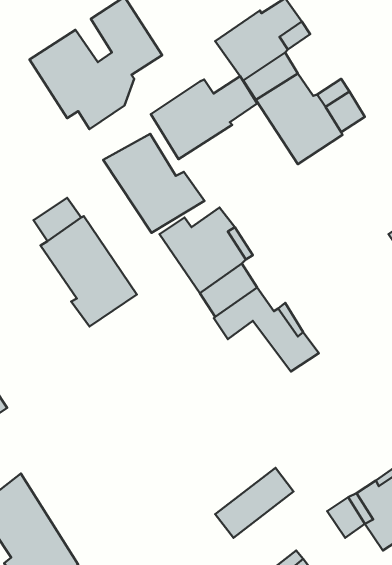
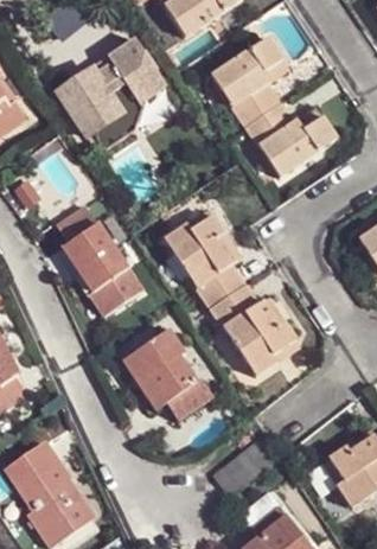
building: [151,76,257,159] -> none
building: [103,134,204,233] -> none
building: none -> [221,311,279,376]
building: none -> [121,328,213,419]

